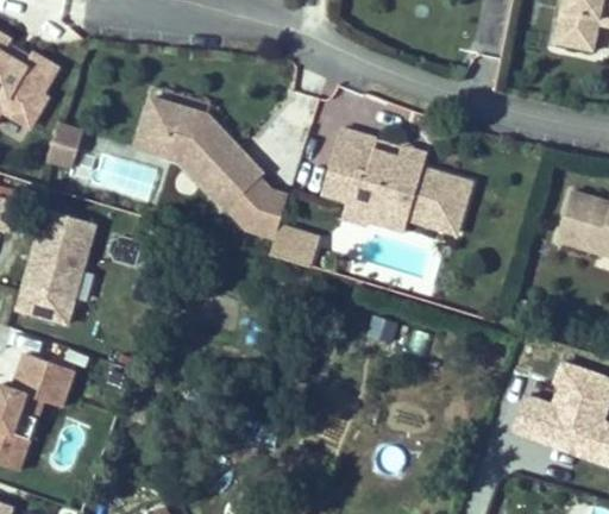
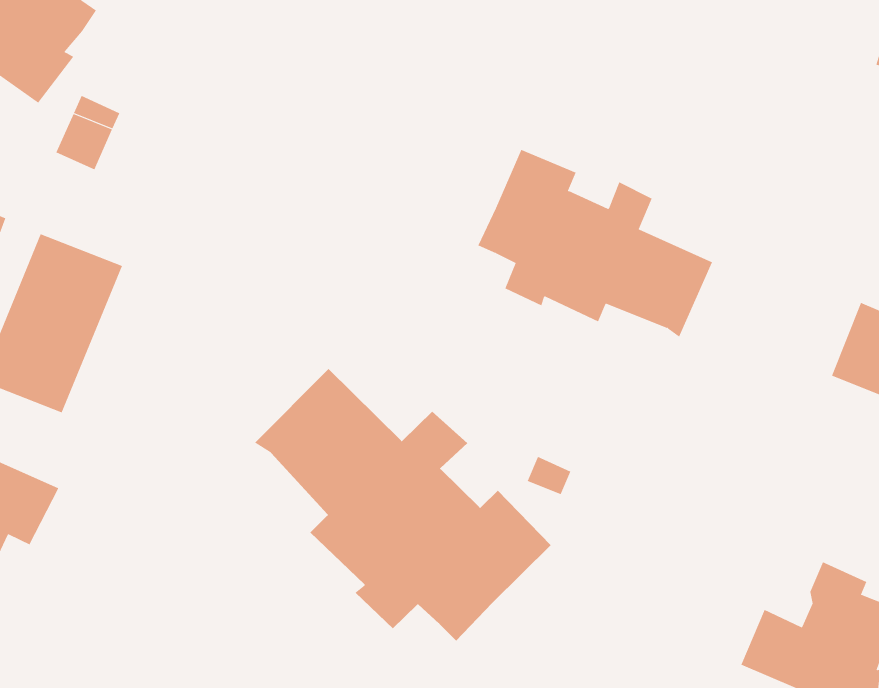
building: [138,89,318,264] -> none
building: none -> [254,368,551,641]

